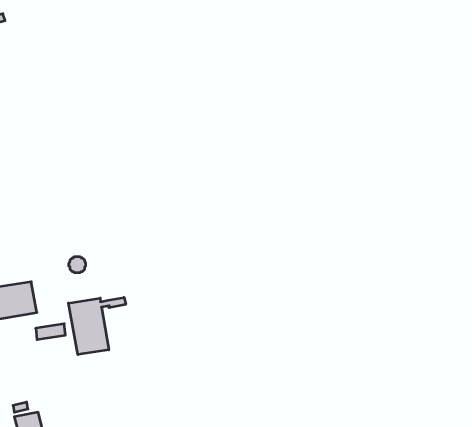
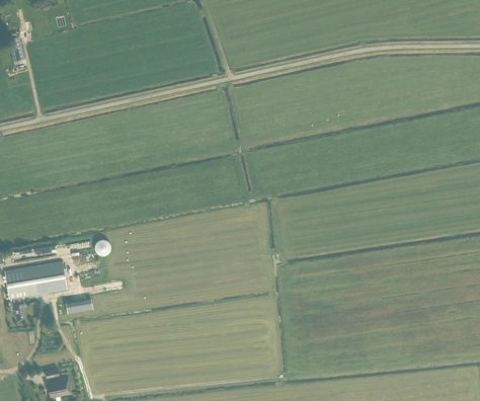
building: [68,297,126,355] -> none

